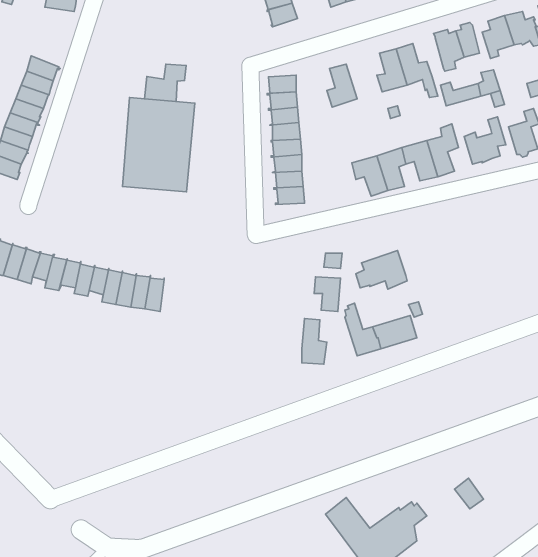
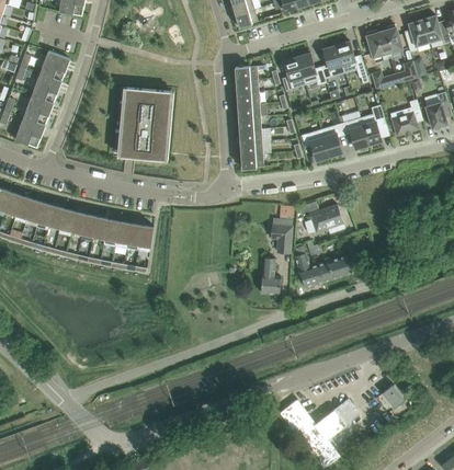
building: none -> [296,53,326,85]
building: [144,64,186,101] -> none

